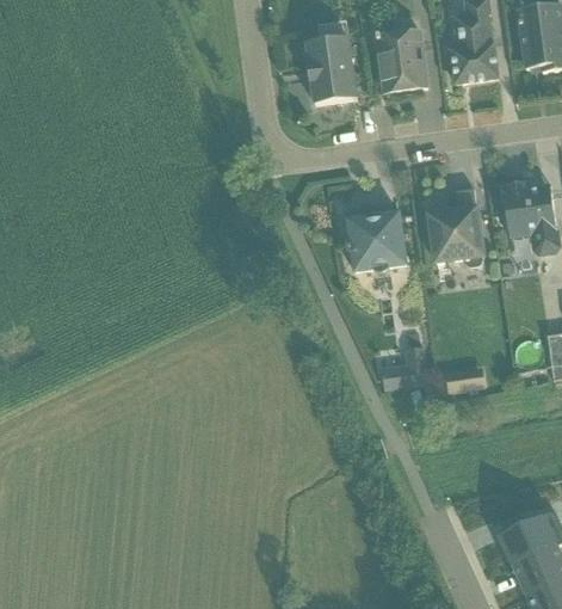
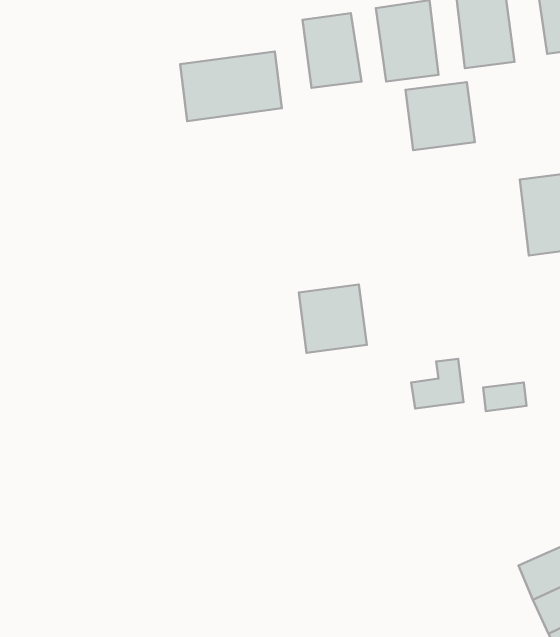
building: none -> [180,51,282,121]
building: [420,202,483,264] -> [405,82,475,150]
building: [344,209,406,271] -> [299,285,367,353]

